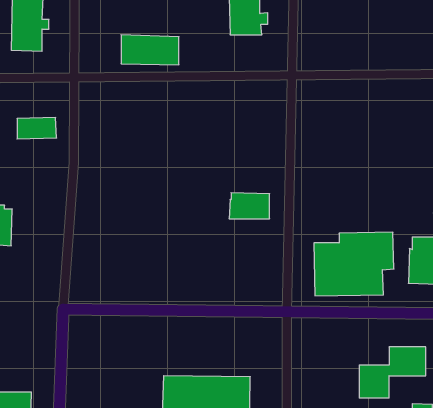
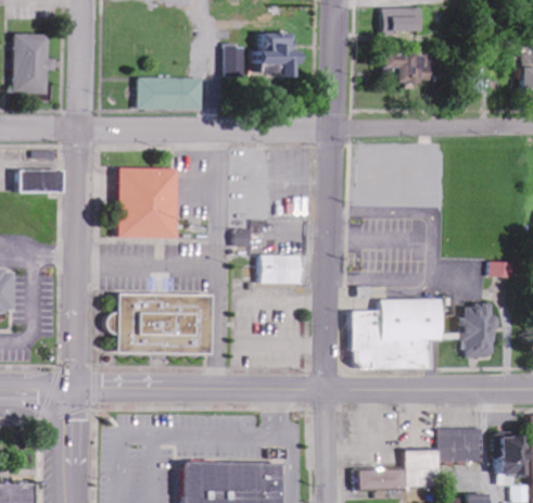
building: none -> [223,45,243,78]
building: none -> [384,53,428,88]
building: none -> [115,167,175,237]
building: none -> [103,290,208,351]
building: none -> [359,469,405,489]

